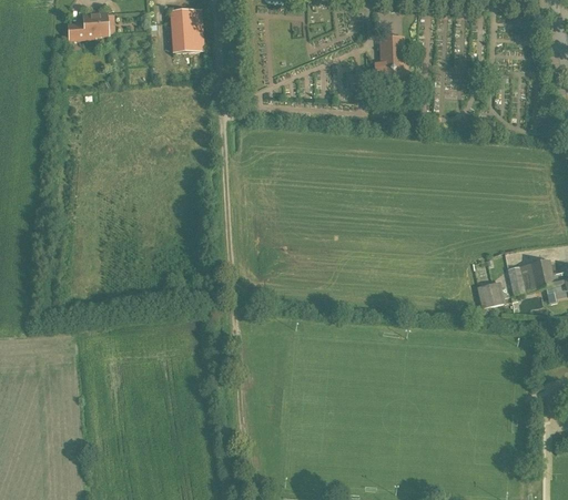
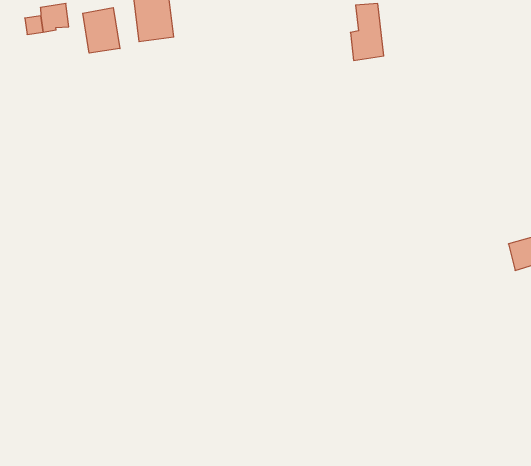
building: none -> [83,8,120,53]
building: [477,279,505,306] -> none

